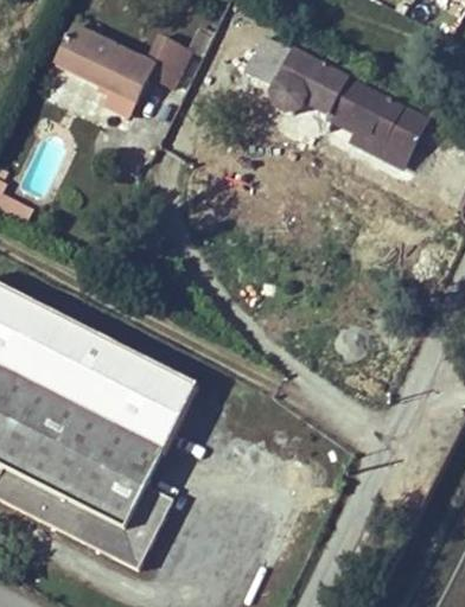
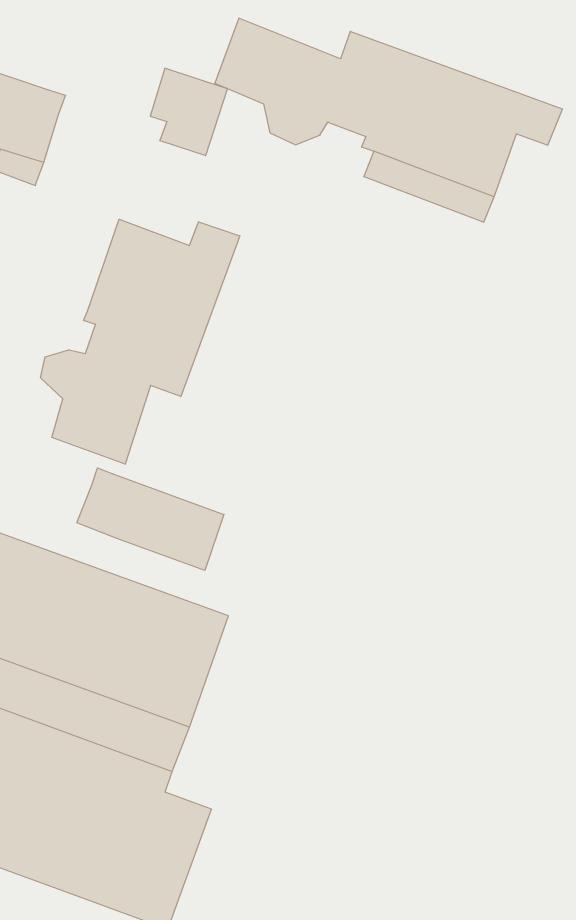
building: [141,31,190,87] -> [150,68,228,156]
building: none -> [41,219,240,464]
building: none -> [77,468,224,570]

